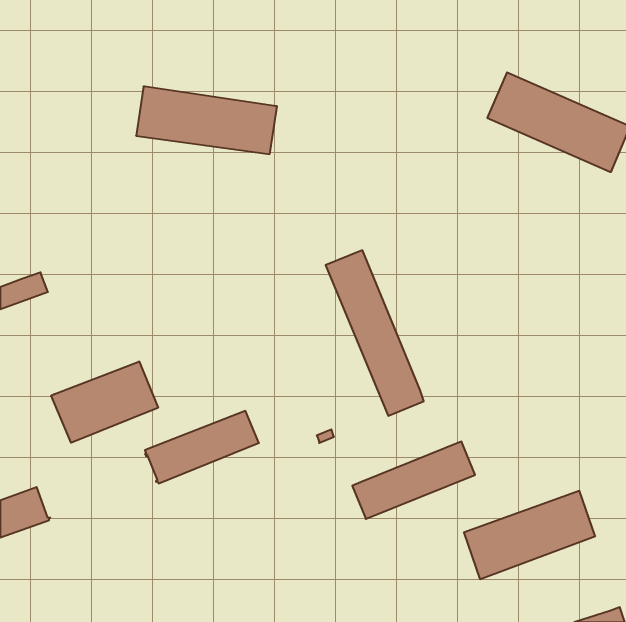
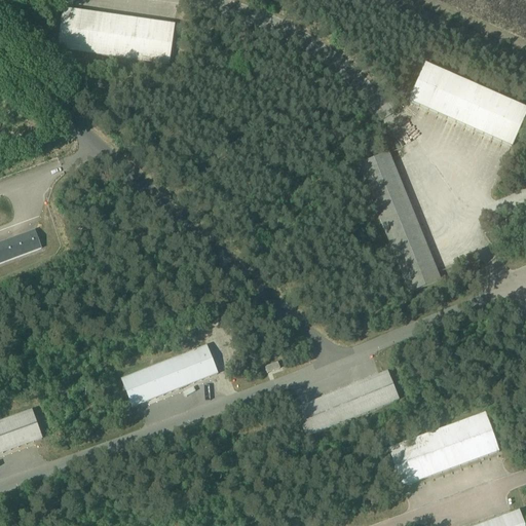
building: [136,87,277,154] -> [58,6,176,63]
building: [326,250,424,416] -> [359,151,441,290]
building: [51,361,158,443] -> none

